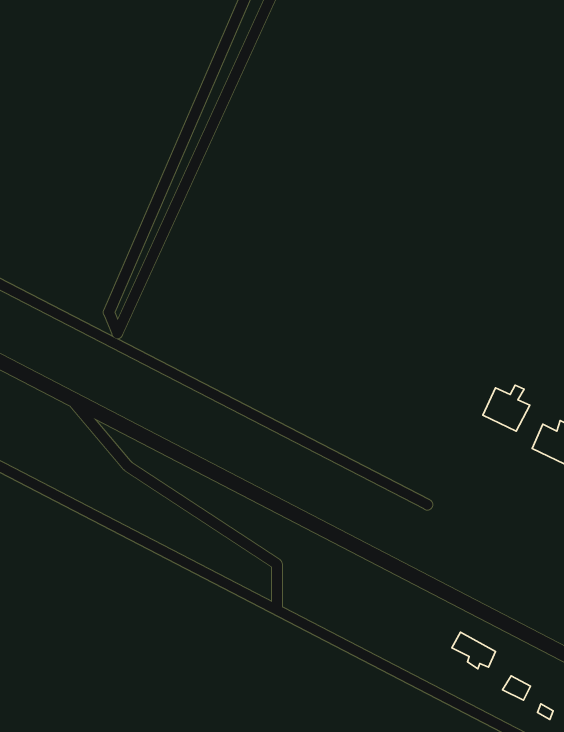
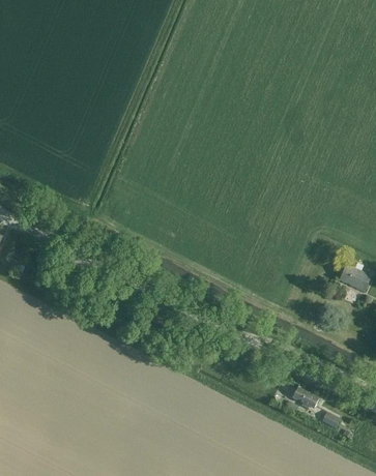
building: [483,385,530,431] -> none

